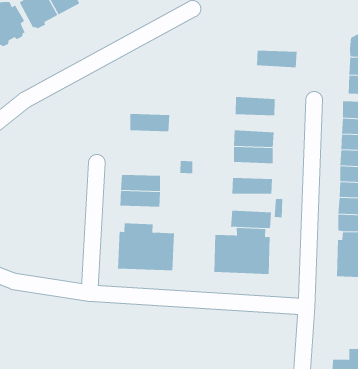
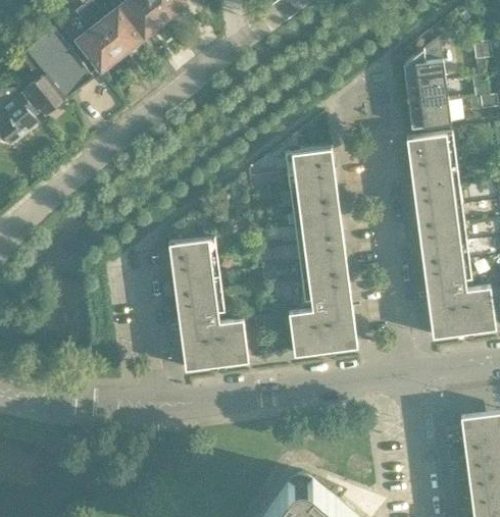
building: [256,50,298,68] -> [288,169,336,193]
building: [129,113,170,132] -> [168,239,216,264]
building: none -> [295,223,343,247]
building: none -> [299,258,348,283]
building: none -> [176,294,223,319]

